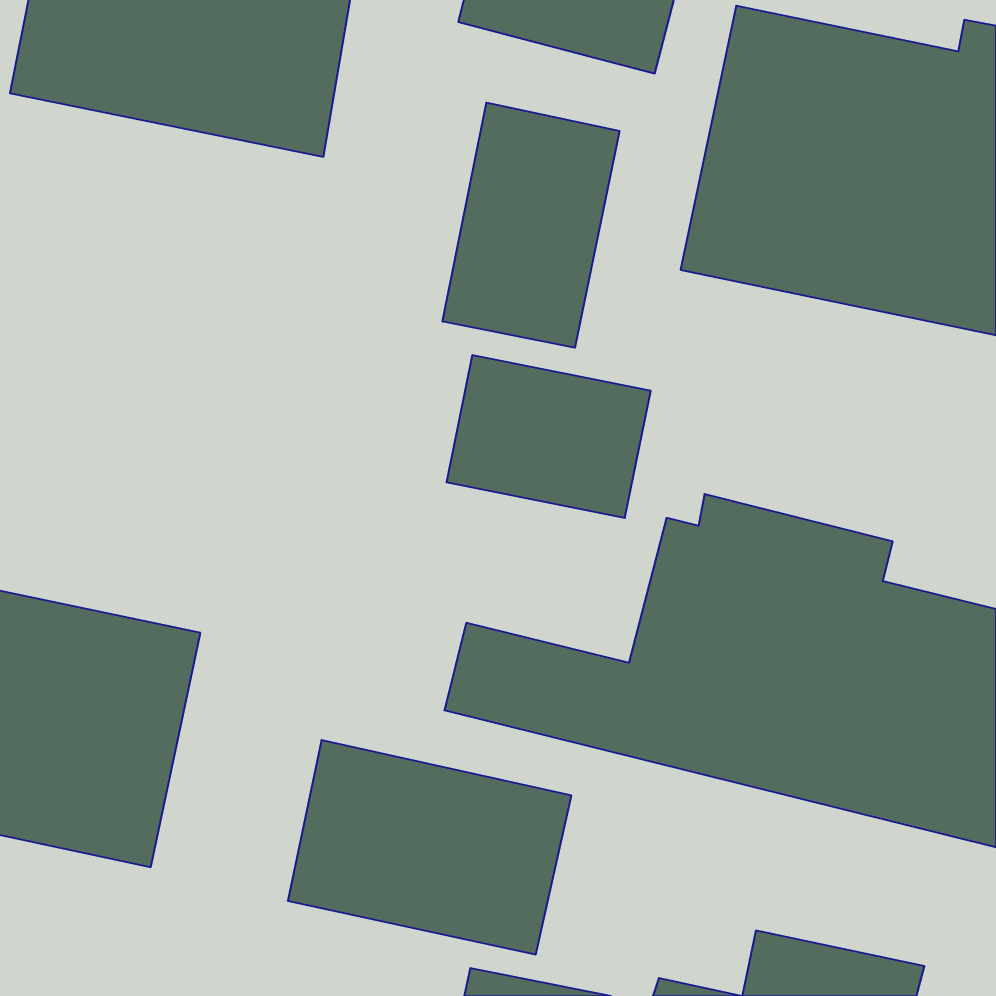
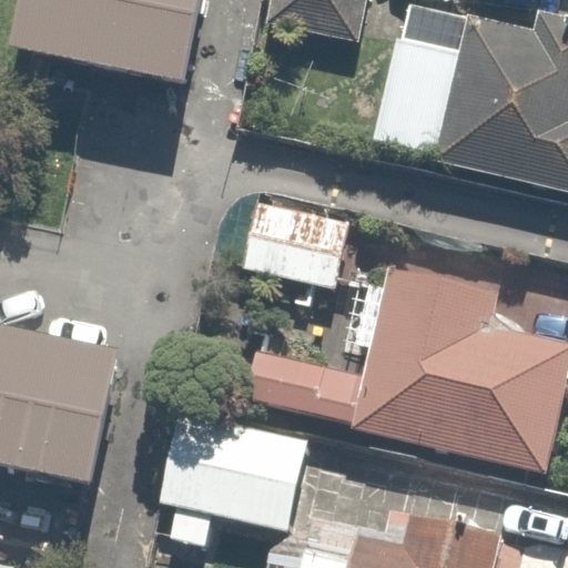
building: [443,103,619,348] -> none

